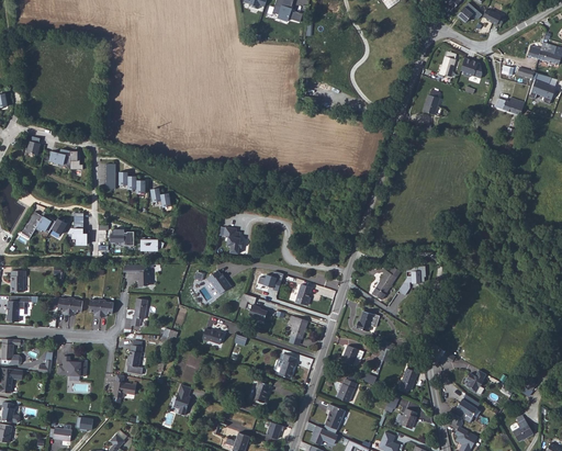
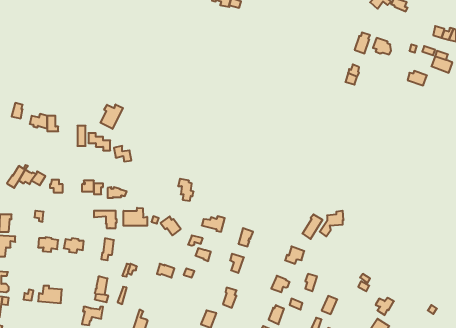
building: none -> [100,104,123,129]
building: none -> [123,208,147,226]

